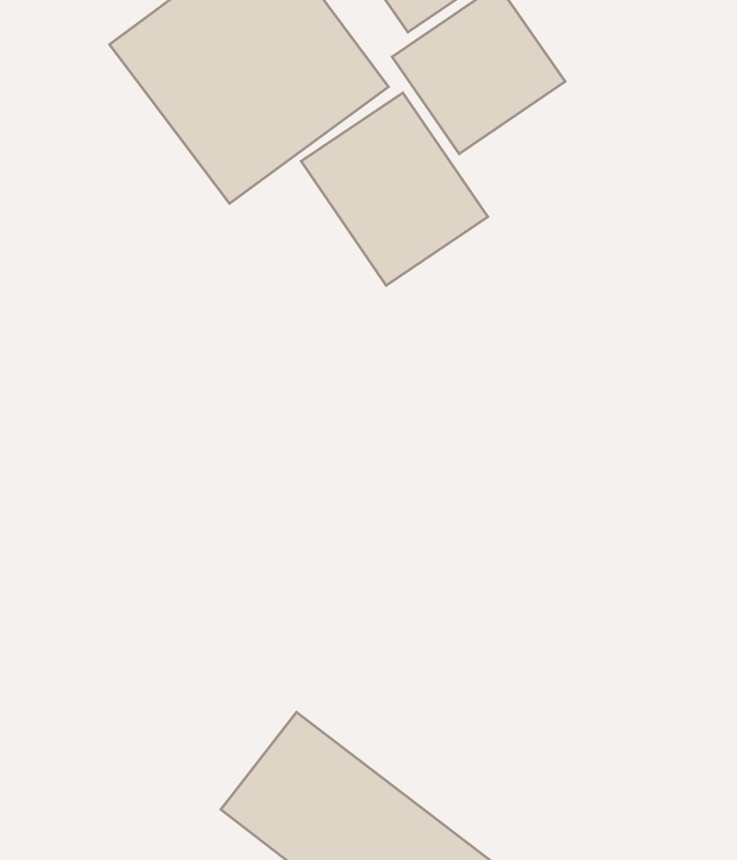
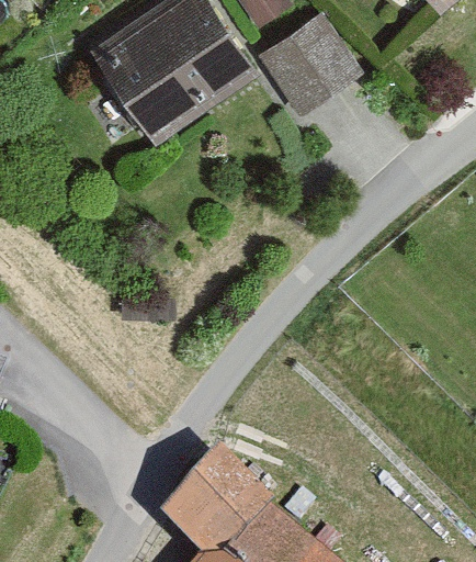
building: [301,93,488,286] -> none

